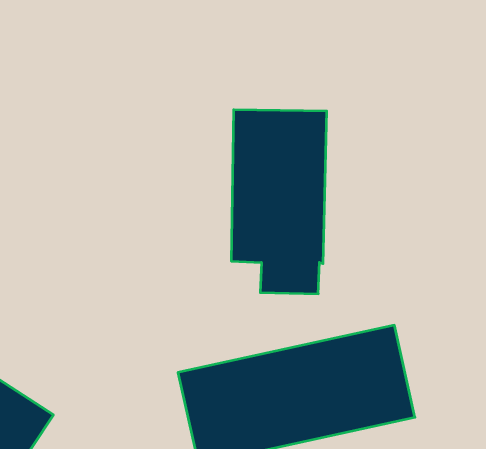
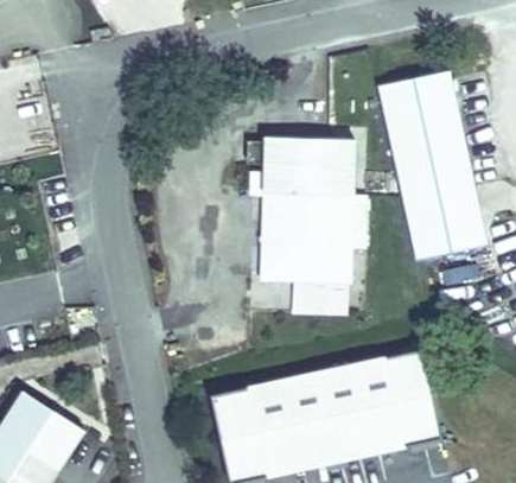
building: none -> [376,71,488,262]

